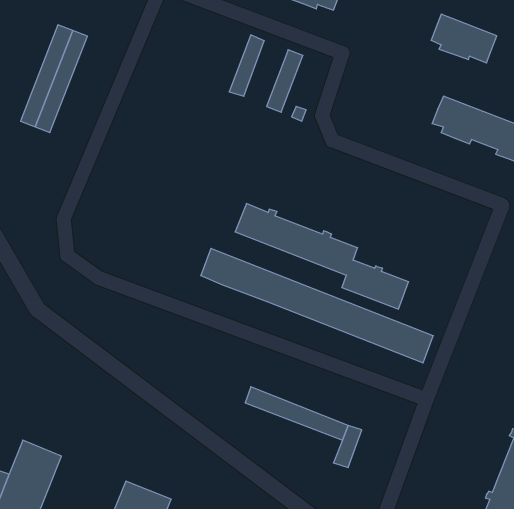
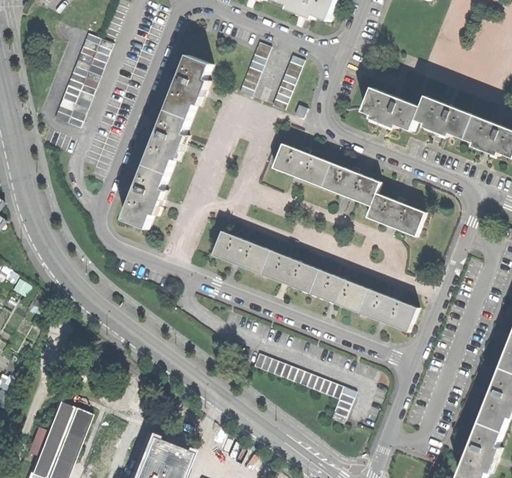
building: [431,14,497,63] -> [363,88,421,131]
building: none -> [124,54,211,229]
building: [235,204,409,309] -> [272,143,425,236]

